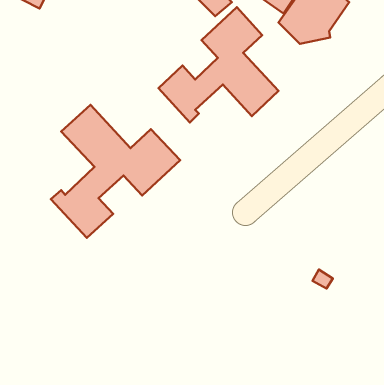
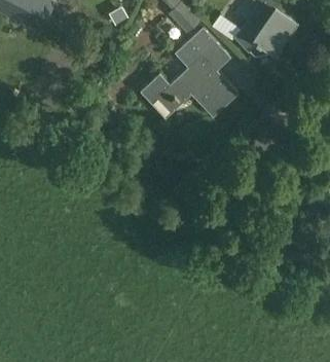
building: [51,105,180,238] -> none

